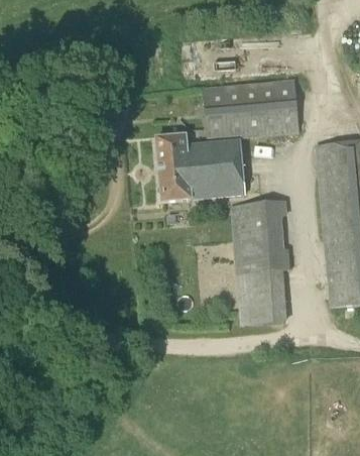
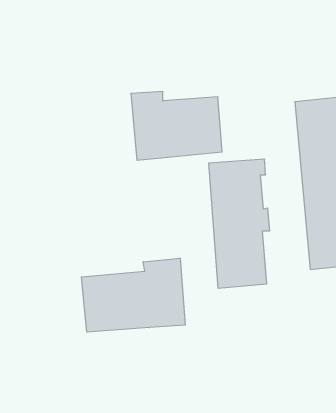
building: [202,79,299,137] -> none
building: none -> [82,258,185,332]

